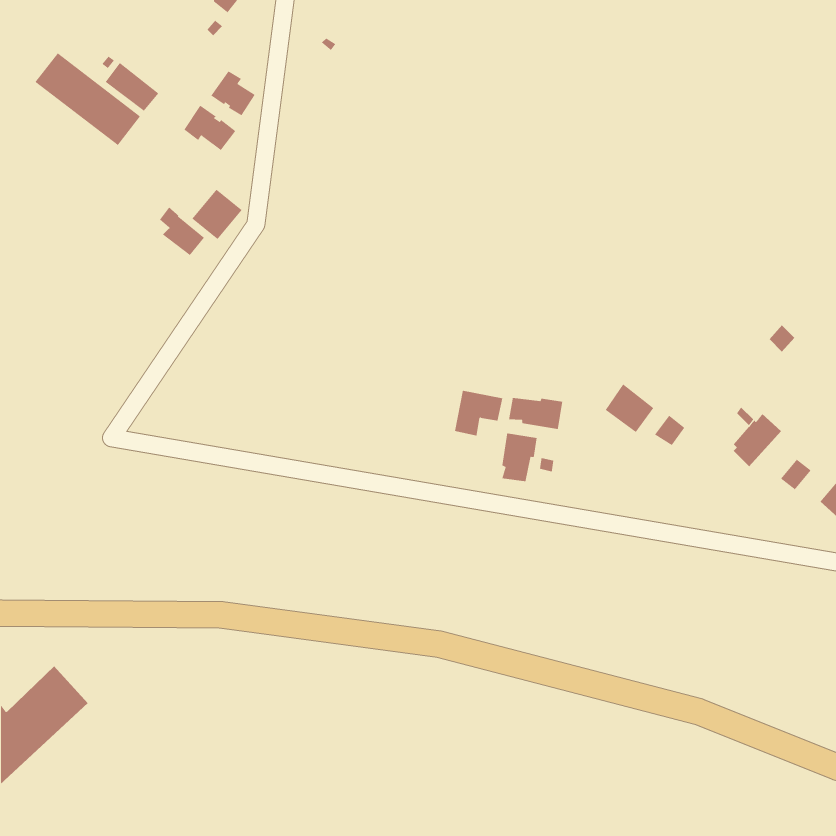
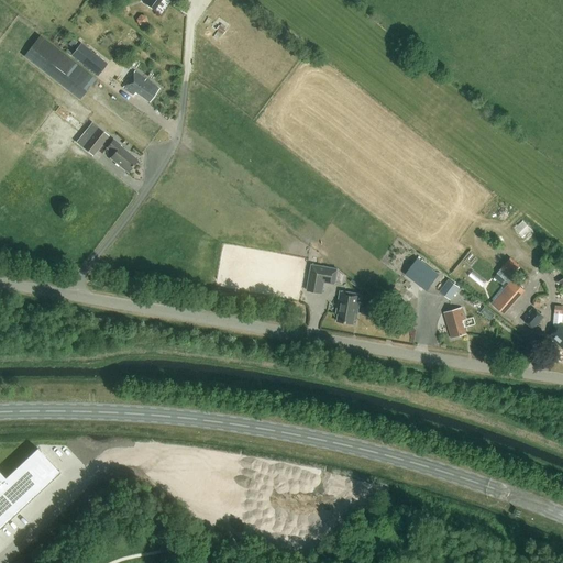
building: [210,71,256,116] -> none
building: [192,189,242,240] -> [76,121,110,155]
building: [508,397,563,430] -> none
building: none -> [445,307,467,338]

